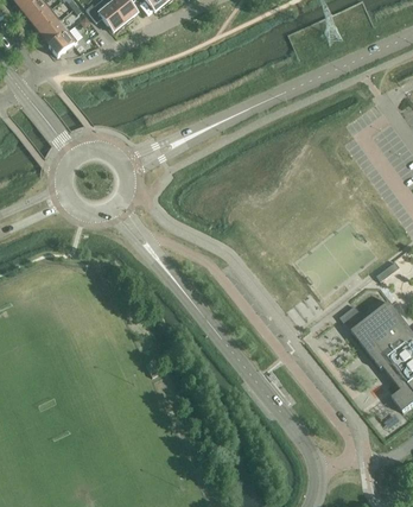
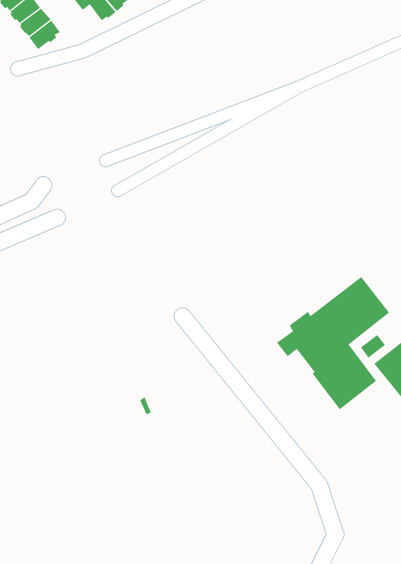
building: none -> [276,276,390,410]

